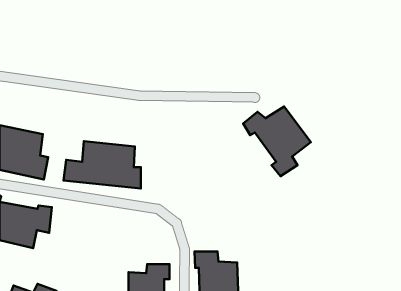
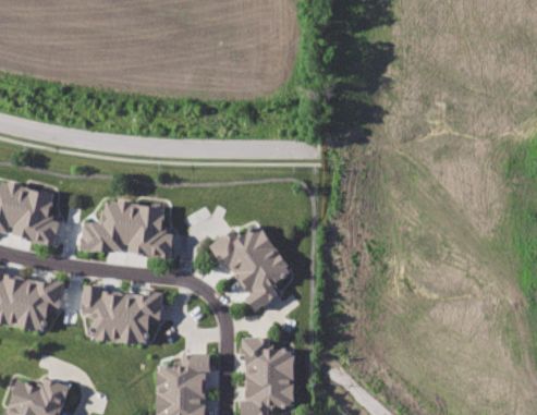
building: [243,107,311,176] -> [210,227,293,312]
building: none -> [80,284,162,345]

